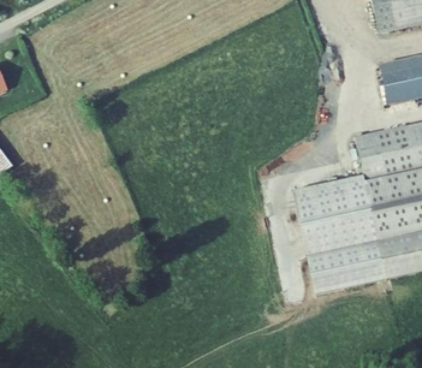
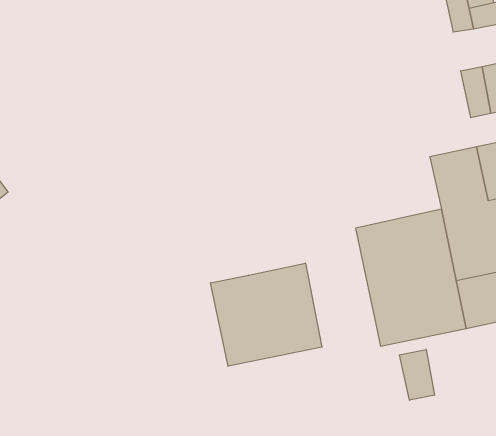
building: none -> [211,263,322,366]
building: none -> [399,349,435,400]

